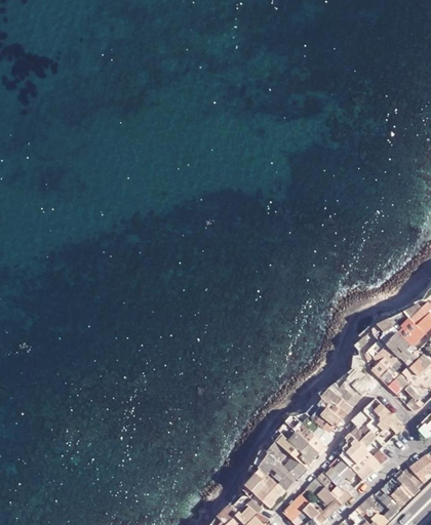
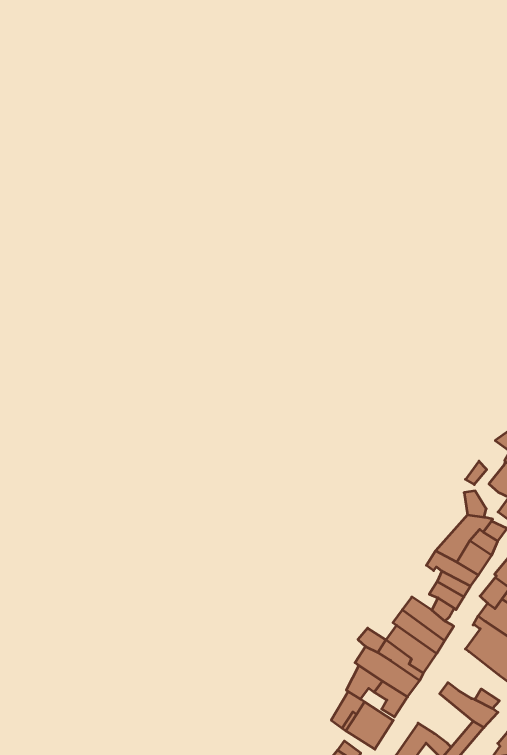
building: [324,455,357,480] -> none
building: [309,479,337,514] -> none

